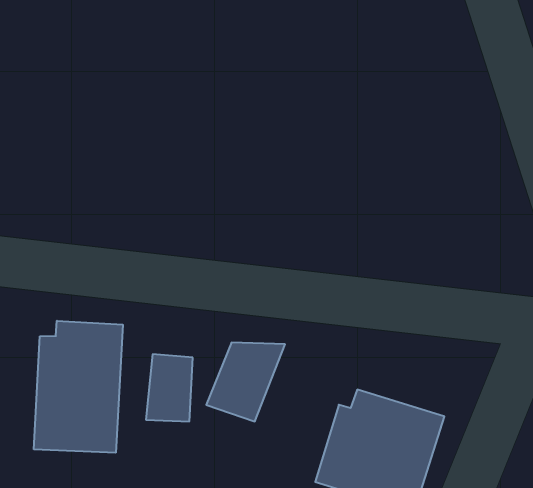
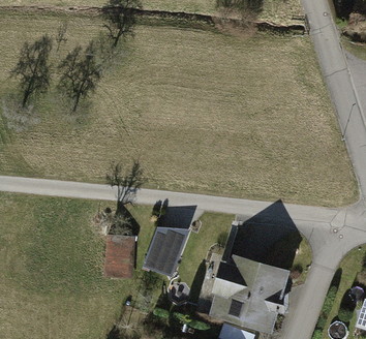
building: [34,321,123,453] -> none

